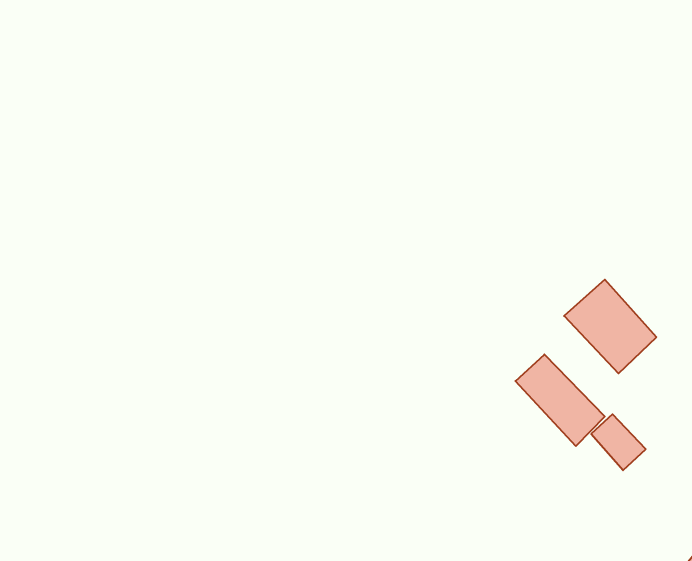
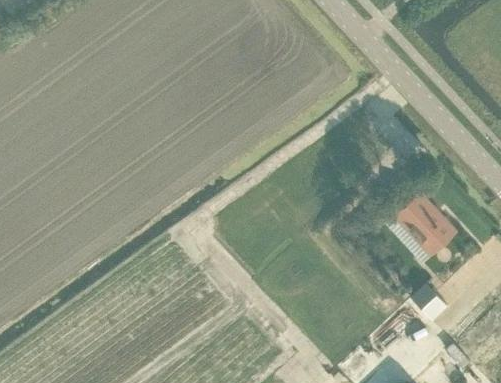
building: [515,354,605,446] -> none

